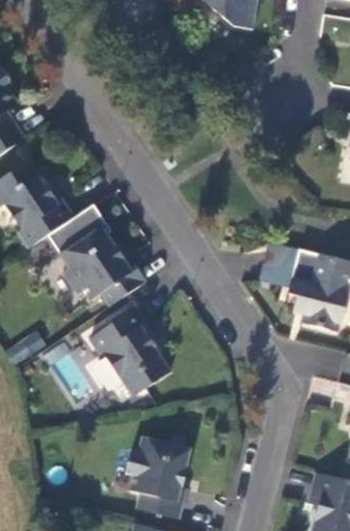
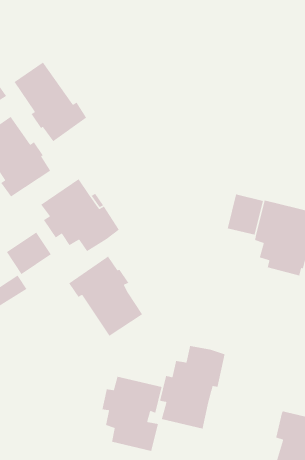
building: none -> [14,61,87,144]
building: none -> [6,231,52,275]
building: none -> [159,345,225,429]

